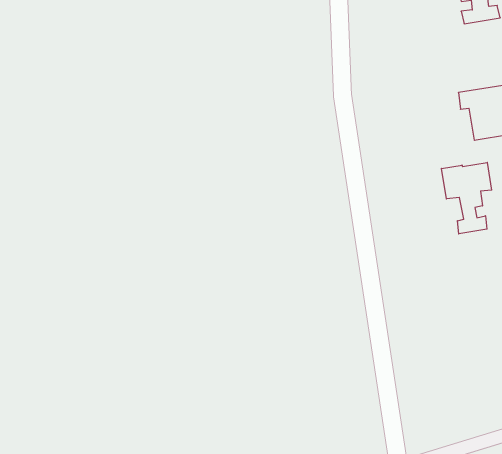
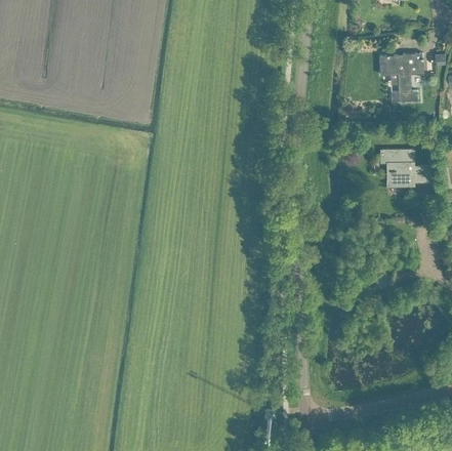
building: [441,162,492,234] -> none

